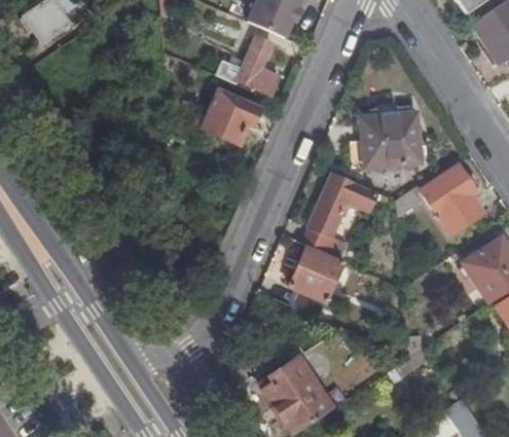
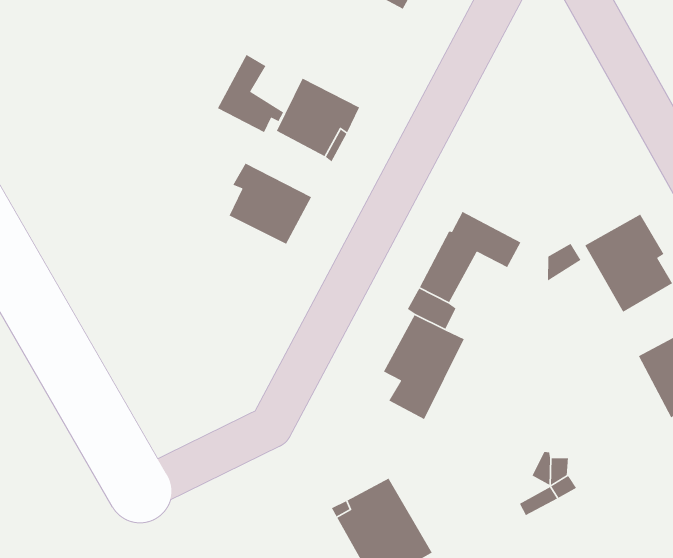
building: [239,40,285,94] -> [217,54,284,133]
building: [362,112,421,166] -> none
building: none -> [229,162,312,245]

